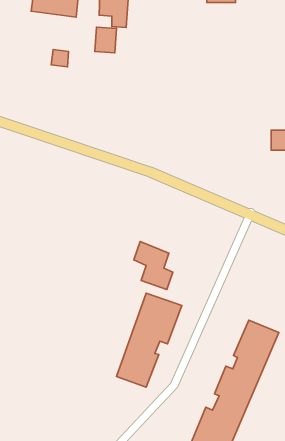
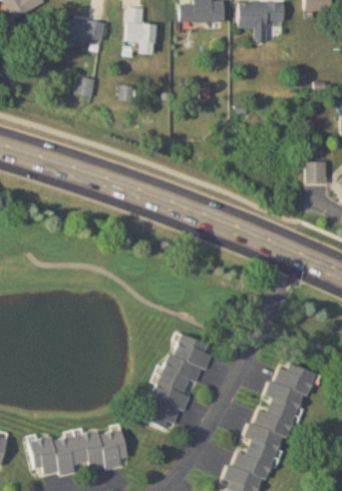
building: [95,27,116,53] -> none
building: [134,242,173,289] -> none
building: none -> [31,428,126,476]

